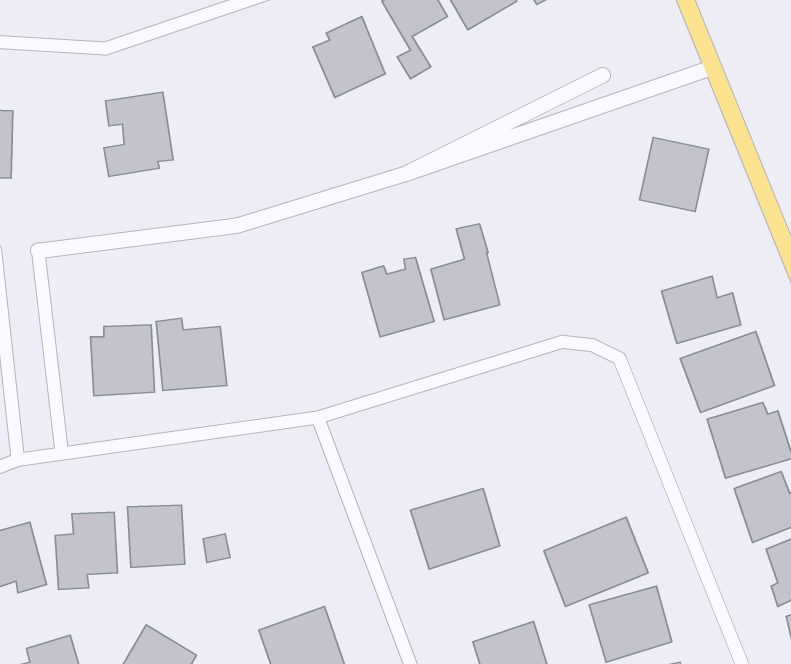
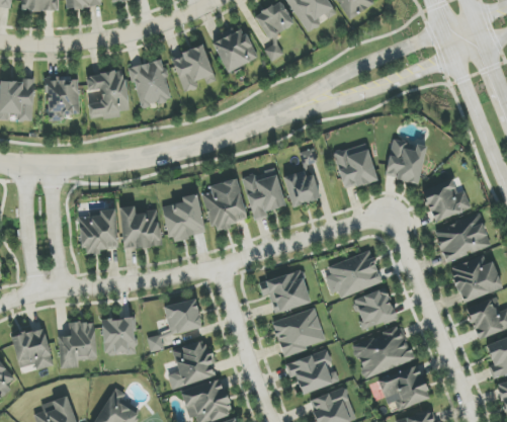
building: none -> [171,45,217,92]
building: none -> [132,60,172,107]
building: none -> [46,77,79,120]
building: [640,137,709,212] -> [385,139,426,183]
building: none -> [335,144,376,189]
building: none -> [204,179,248,230]
building: none -> [163,193,205,241]
building: none -> [325,250,383,298]
building: none -> [259,270,311,314]
building: none -> [353,288,396,329]
building: none -> [165,299,201,335]
building: none -> [168,339,217,390]
building: none -> [285,349,339,395]

